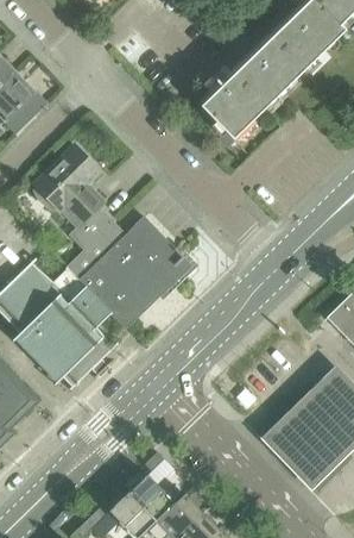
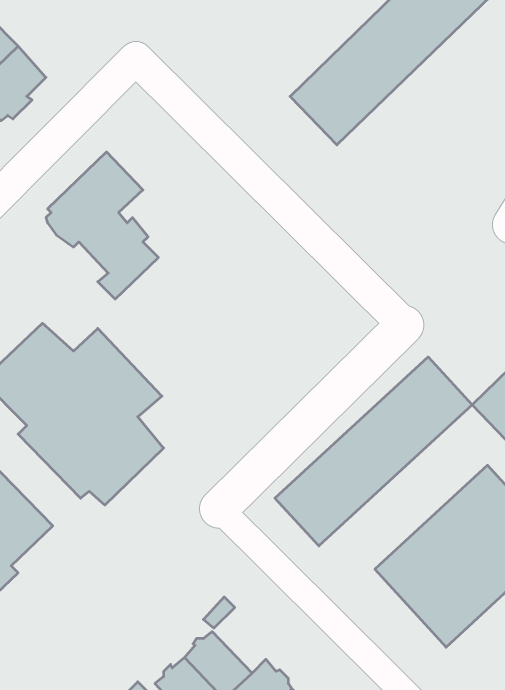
building: [68,217,191,329] -> none
building: none -> [275,357,472,546]

